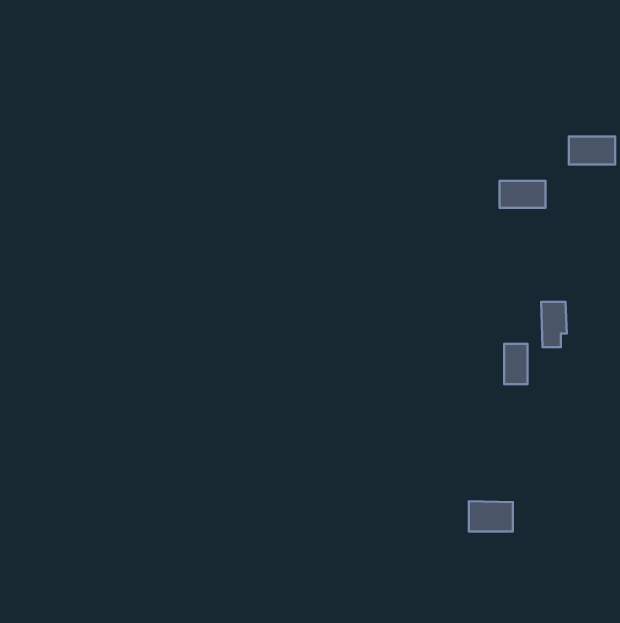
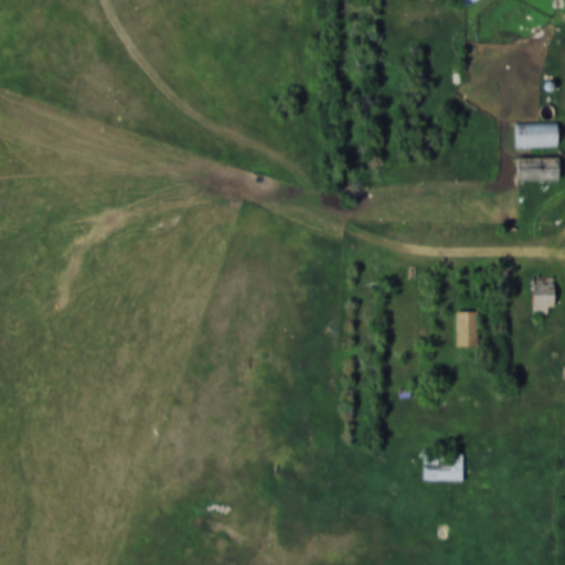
building: [499,181,546,208] -> [515,159,557,183]
building: [541,302,567,347] -> [533,278,556,319]

